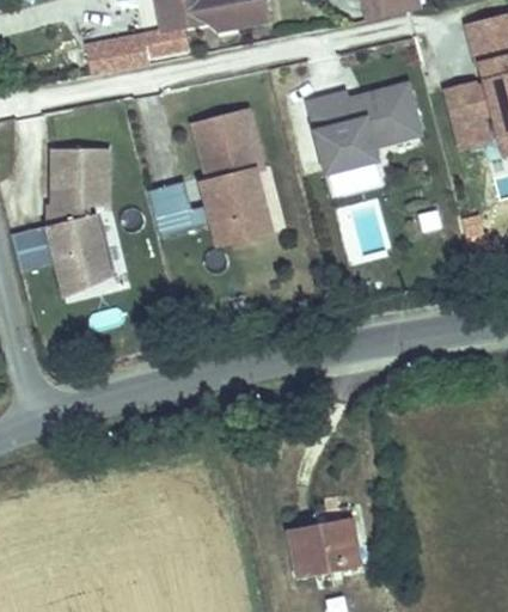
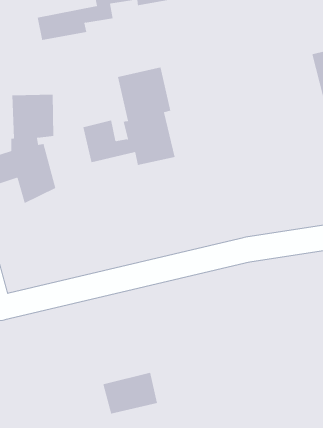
building: [308,81,423,196] -> none
building: [288,520,361,575] -> [102,372,158,414]

